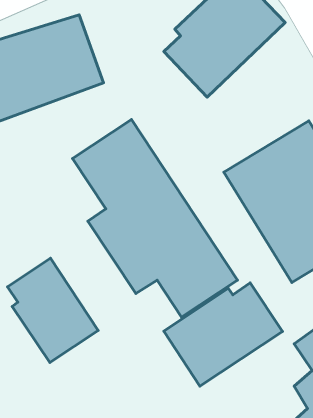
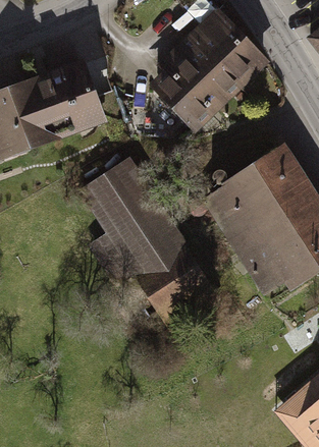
building: [8,258,98,363] -> none
building: [164,283,282,386] -> none

